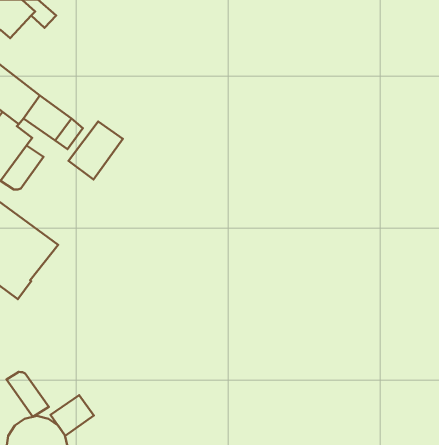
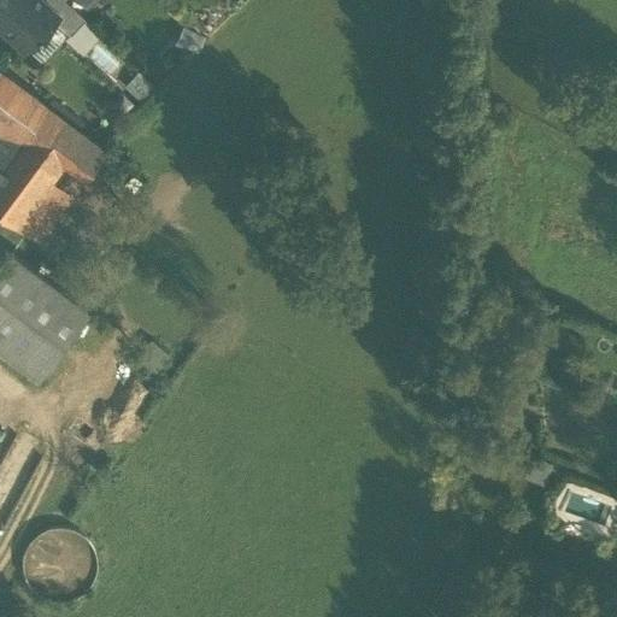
building: [69,122,123,179] -> none
building: [6,372,49,417] -> none
building: [51,395,94,436] -> none

